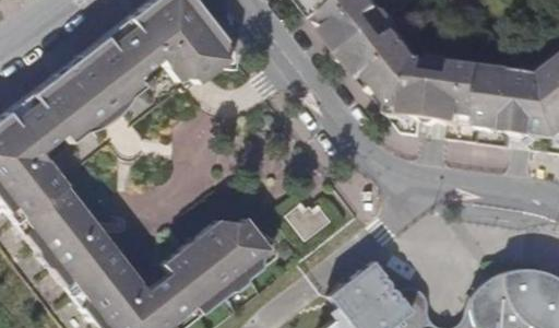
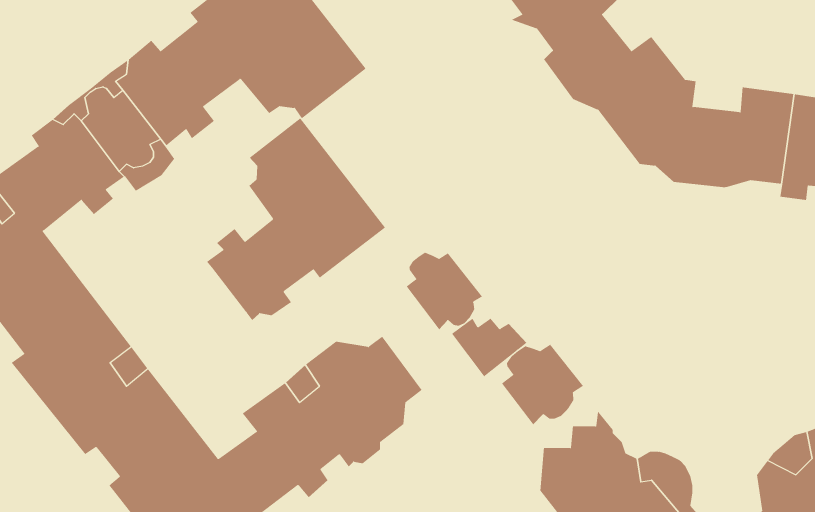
building: none -> [206,118,386,321]
building: none -> [406,252,483,330]
building: none -> [501,344,584,425]

